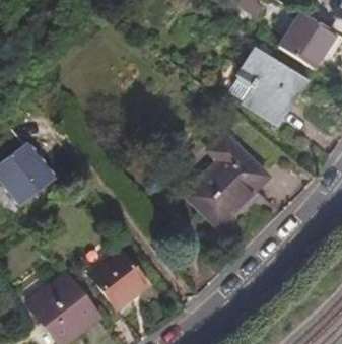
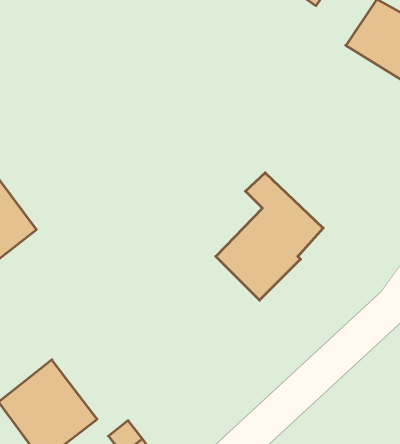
building: [232,43,301,116] -> none
building: [89,250,147,309] -> none

